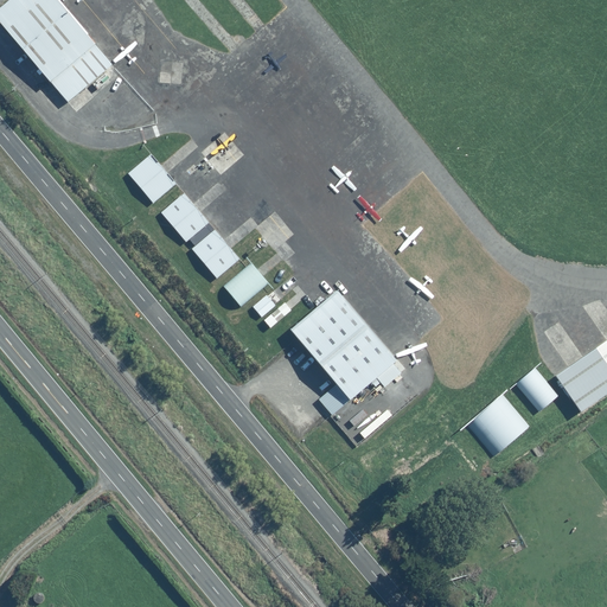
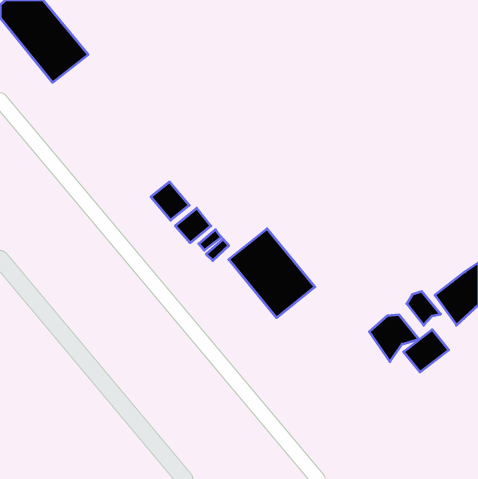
building: [128,155,175,205] -> none
building: [160,193,210,243] -> none
building: none -> [404,330,449,372]

